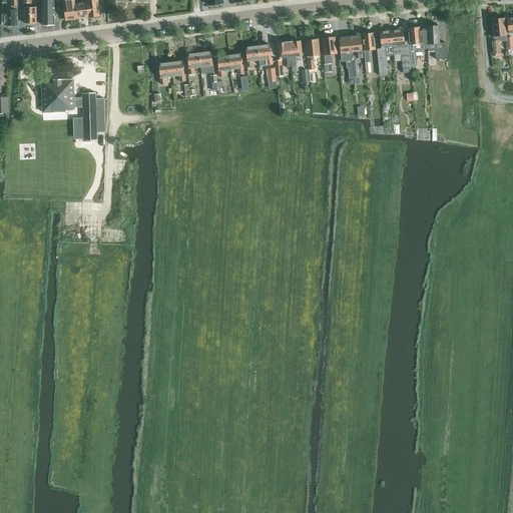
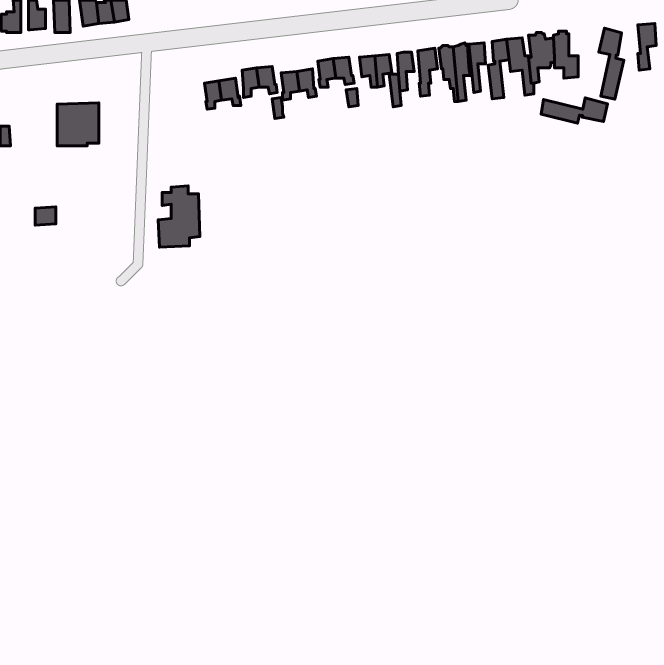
building: none -> [599,28,624,99]
building: none -> [541,98,608,123]
building: [74,93,106,140] -> [158,186,200,247]

